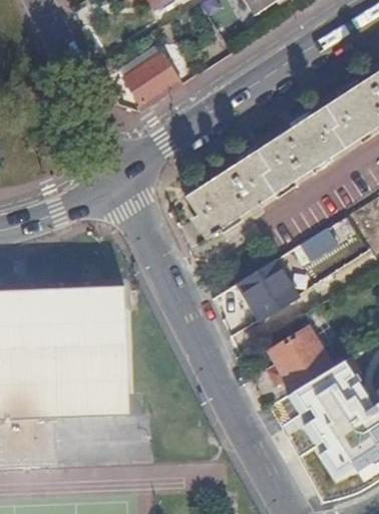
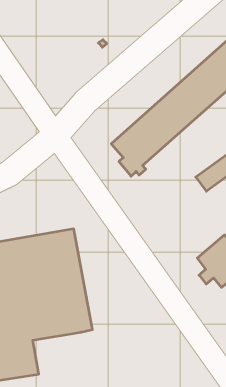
building: [124,53,181,111] -> none
building: [239,259,296,316] -> none

